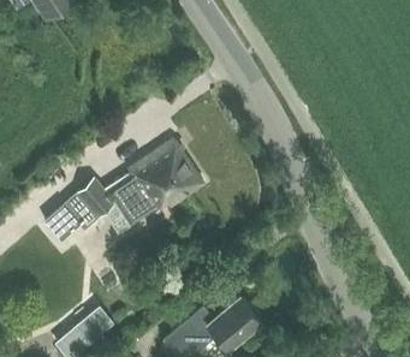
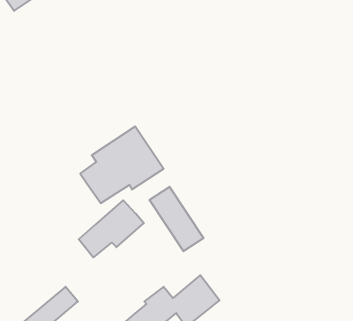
building: [46,180,114,240] -> [79,200,144,257]
building: none -> [150,187,203,251]

